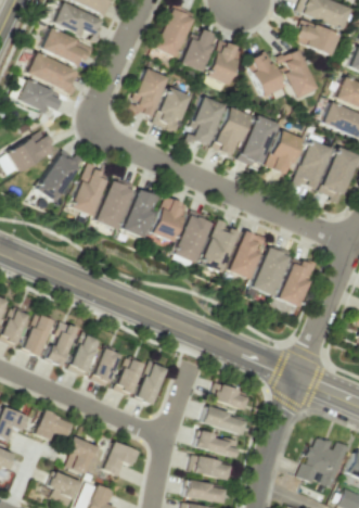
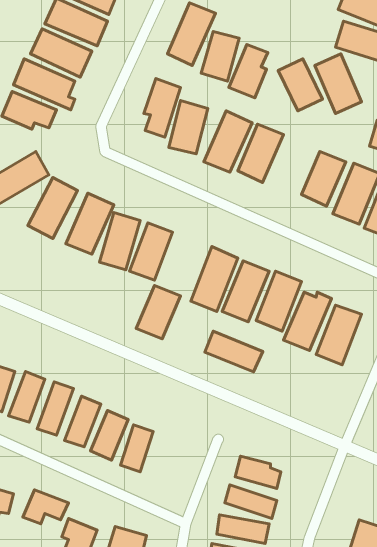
building: [240,115,278,165] -> none
building: [152,196,189,241] -> [136,286,180,339]
building: none -> [205,331,263,372]
building: [137,360,167,404] -> none

